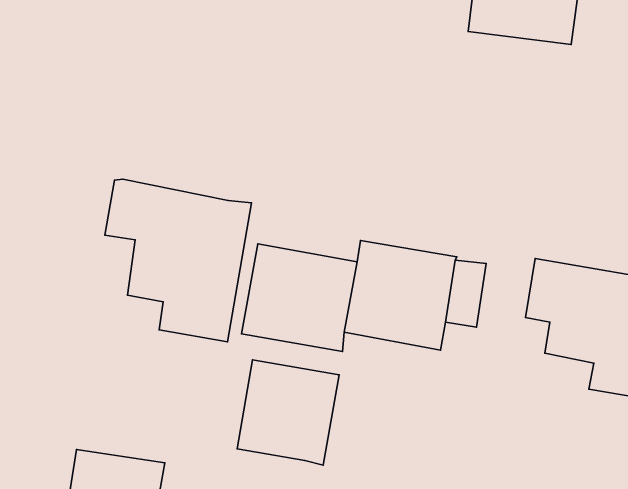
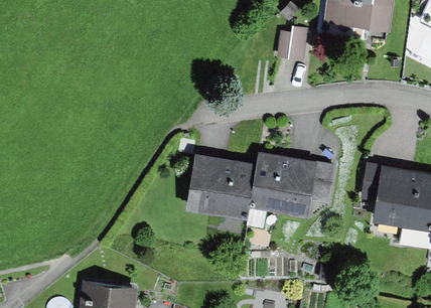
building: none -> [278,28,308,61]
building: [105,179,251,342] -> none
building: [237,360,339,465] -> none

